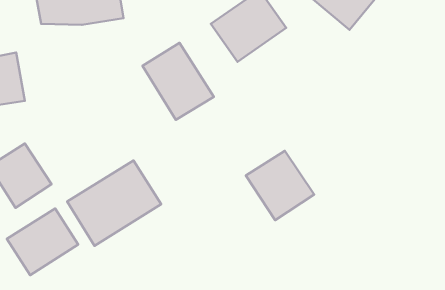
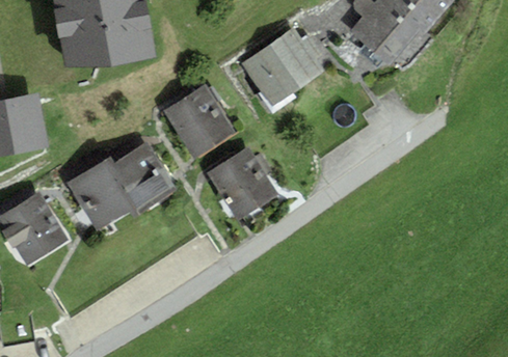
building: [246,151,314,220] -> [209,145,284,221]
building: [67,161,161,246] -> [72,139,175,232]
building: [7,208,78,275] -> none

